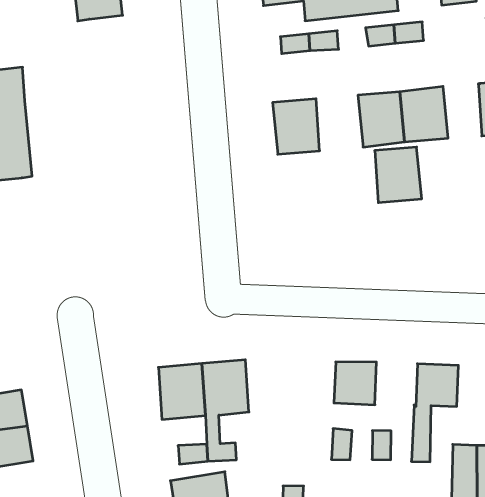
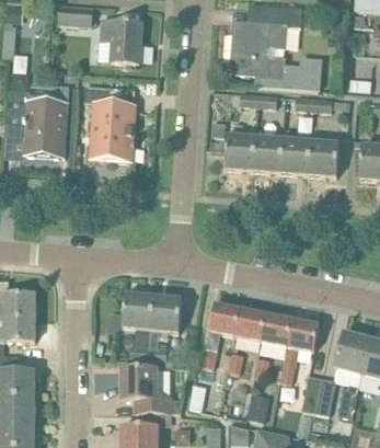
building: none -> [83,85,137,162]
building: [375,147,422,203] -> [253,137,284,173]
building: none -> [203,303,241,369]
building: none -> [262,313,293,346]

